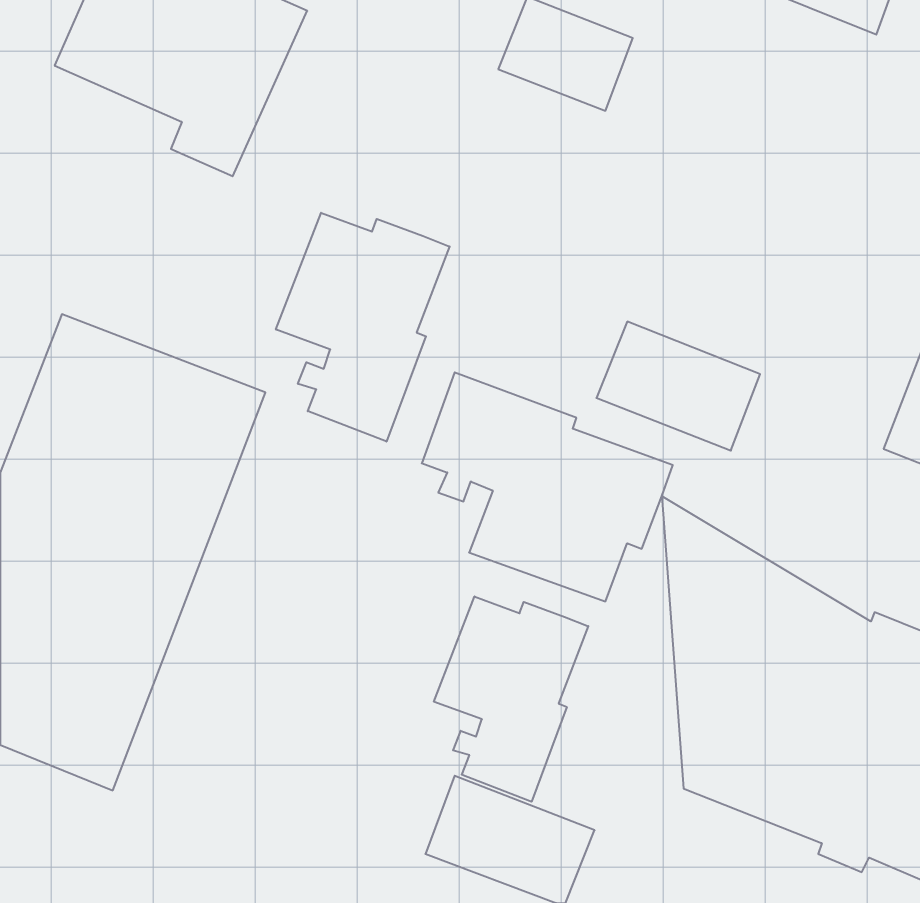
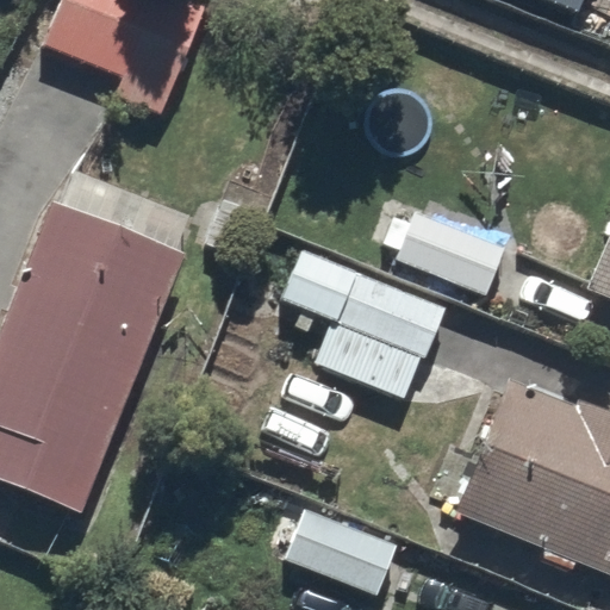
building: [276,213,450,442] -> none
building: [434,596,588,802] -> none

